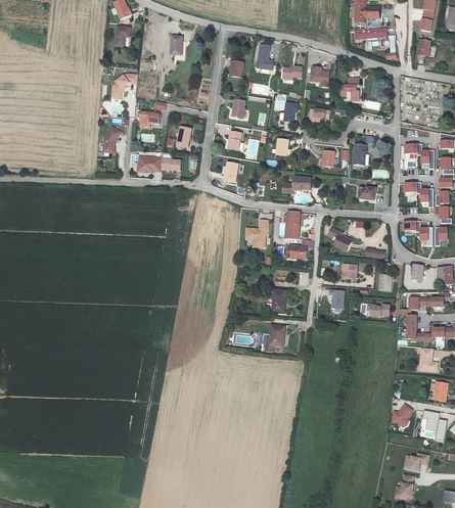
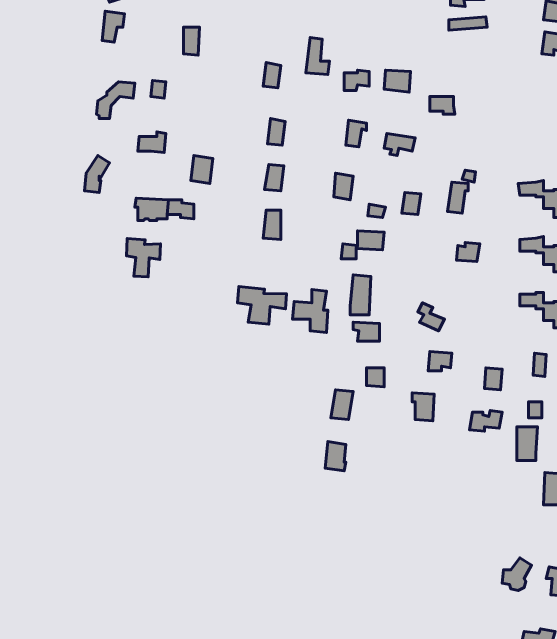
building: none -> [126,239,160,277]
building: none -> [238,287,287,324]

